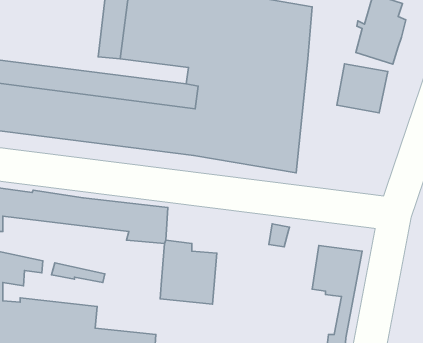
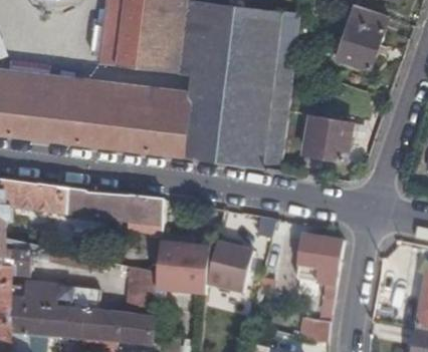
building: [337,64,388,113] -> [303,115,351,160]
building: none -> [205,240,251,295]
building: none -> [124,269,156,315]

